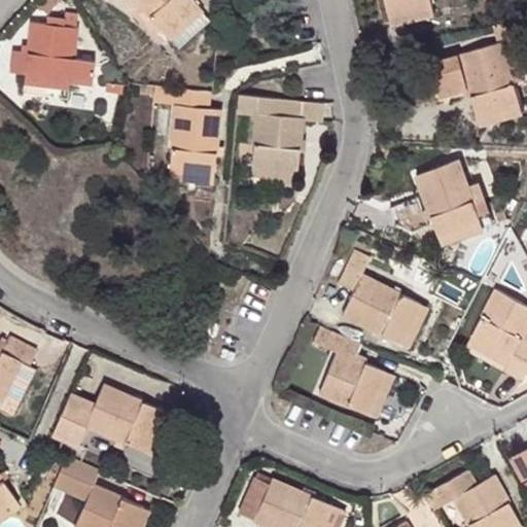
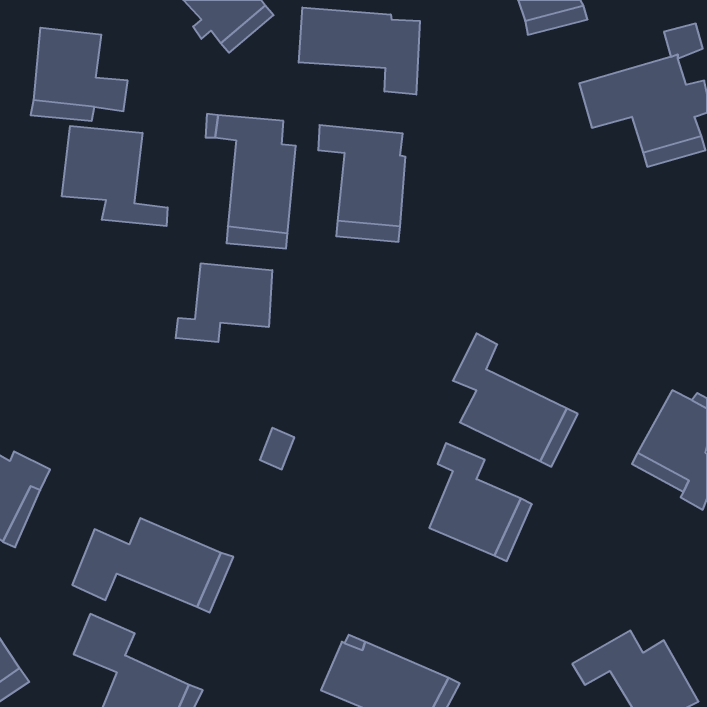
building: none -> [299,7,420,95]
building: none -> [62,126,168,226]
building: [414,159,488,244] -> none
building: none -> [176,263,272,342]

